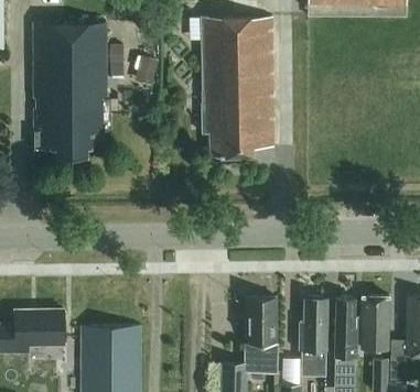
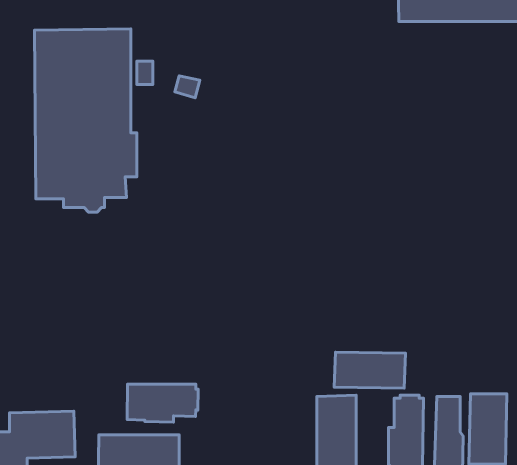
building: [200,17,273,157] -> none
building: none -> [334,352,406,388]
building: none -> [127,384,198,422]

